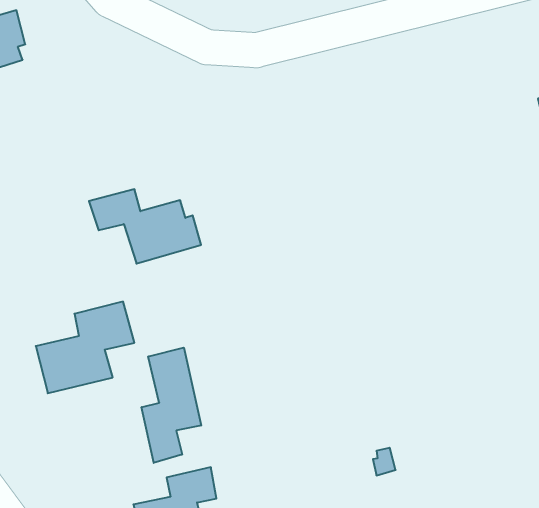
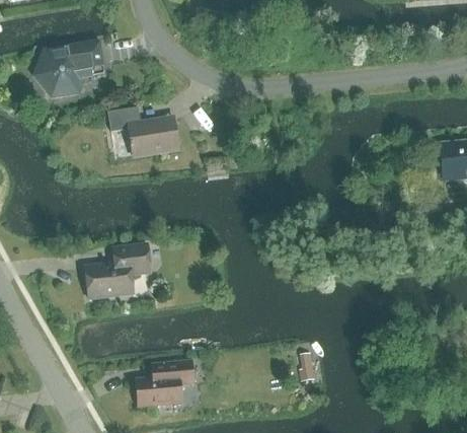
building: [89,189,201,264] -> [107,106,178,156]
building: [142,348,201,463] -> none

